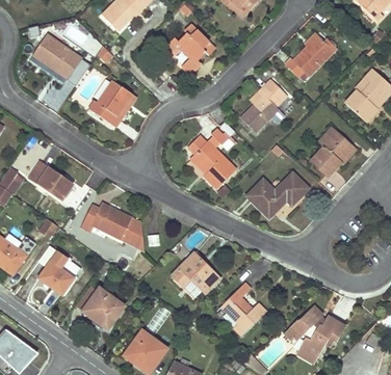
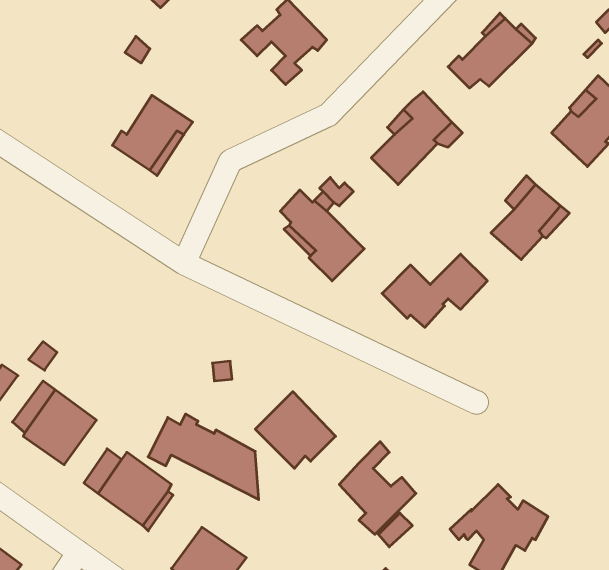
building: [33,29,81,78] -> none
building: [29,162,72,199] -> none
building: [80,202,145,251] -> [148,414,259,500]

